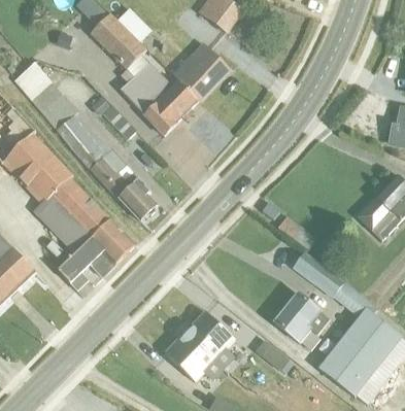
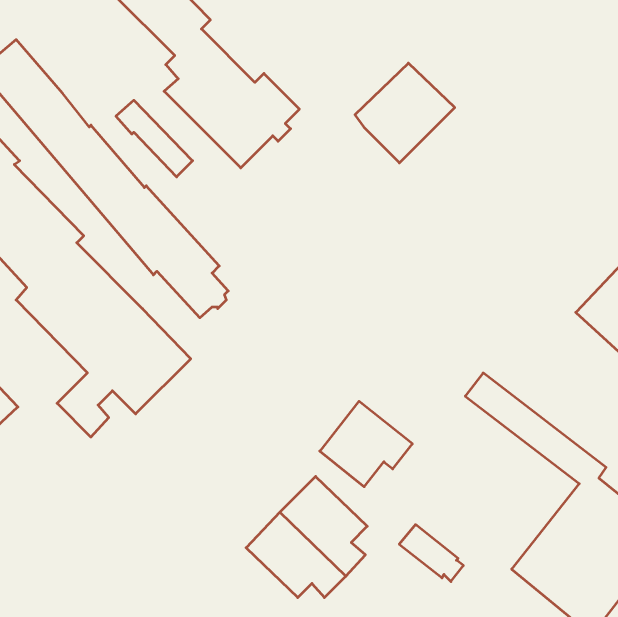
building: [171,41,229,99] -> [355,63,455,163]
building: [274,293,328,342] -> [320,401,412,487]

